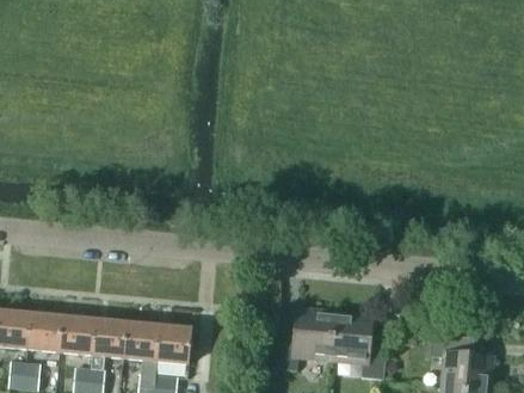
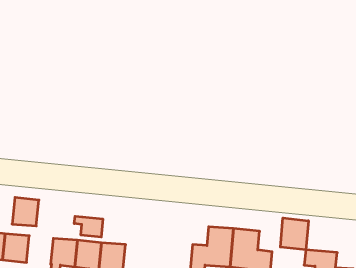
building: none -> [74,216,103,237]
building: none -> [280,218,308,250]
building: [58,317,94,355] -> [12,197,39,226]

